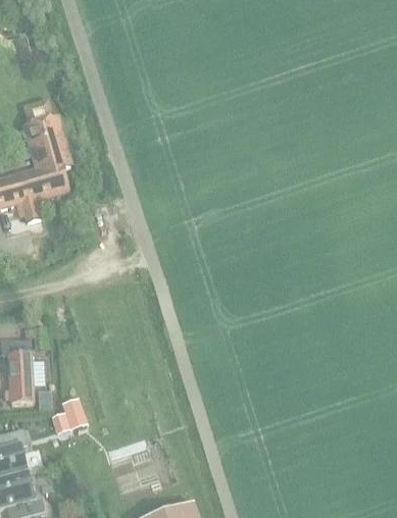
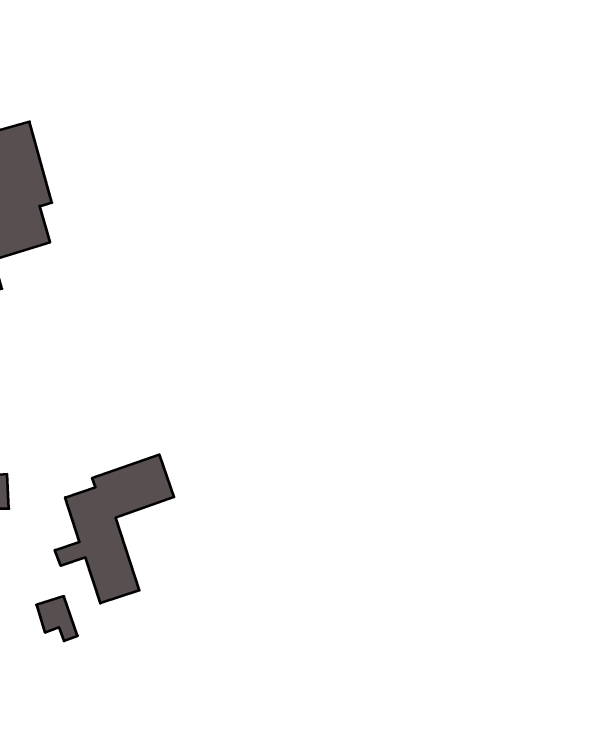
building: none -> [55,455,174,603]

